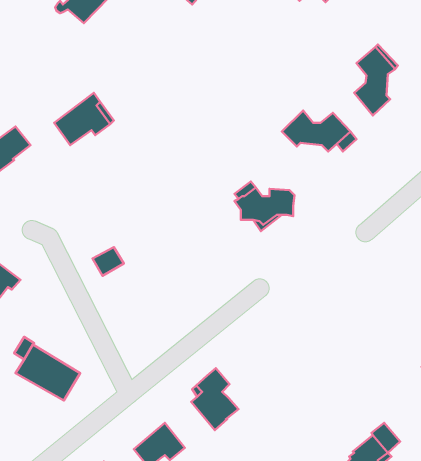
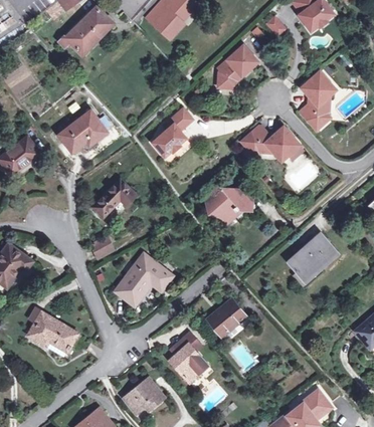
building: none -> [218,46,256,87]
building: none -> [153,109,192,157]
building: none -> [91,179,135,217]
building: none -> [287,233,337,289]
building: none -> [116,256,169,304]
building: none -> [207,299,245,337]

